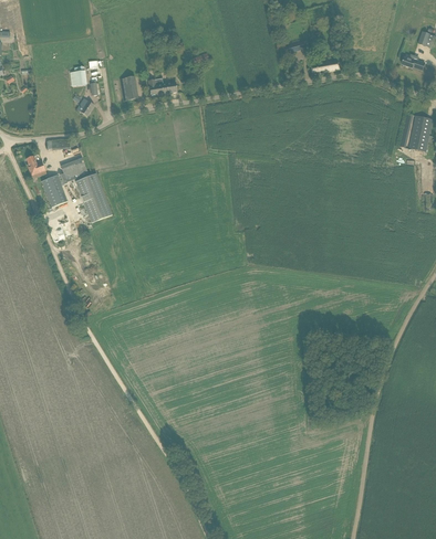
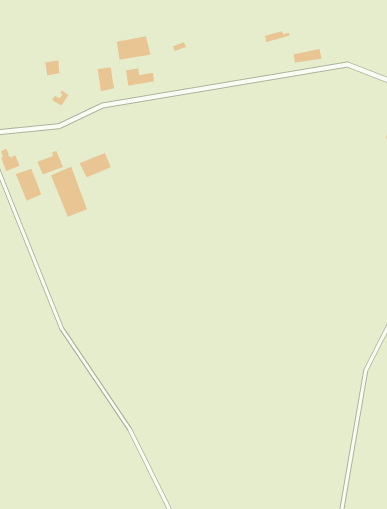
building: none -> [116,35,151,60]
building: none -> [79,152,111,178]

